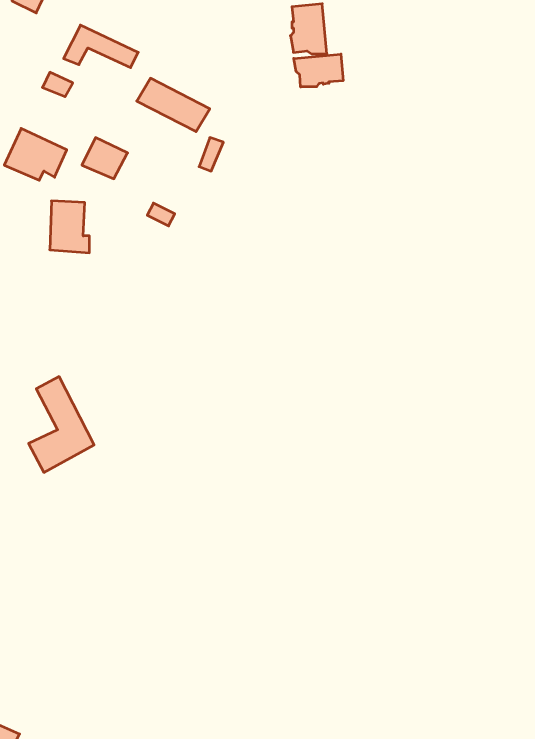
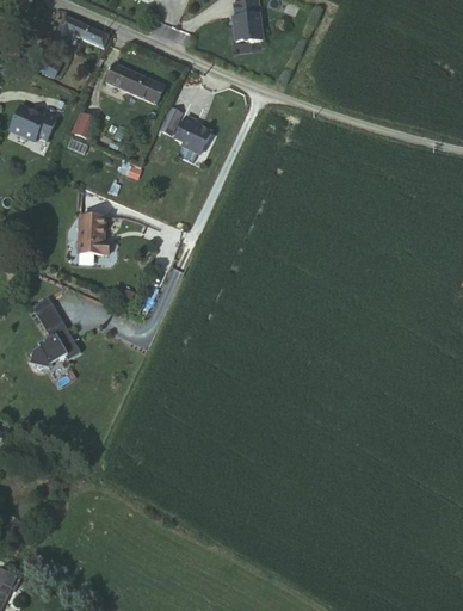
building: [294,54,343,87] -> none
building: none -> [177,115,215,153]
building: [50,201,89,253] -> [80,212,111,253]

